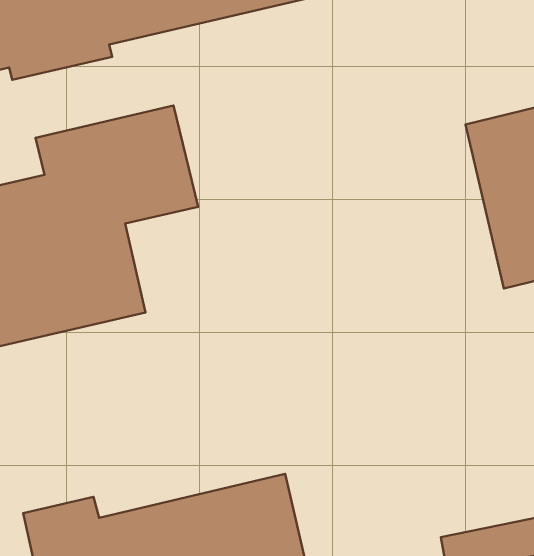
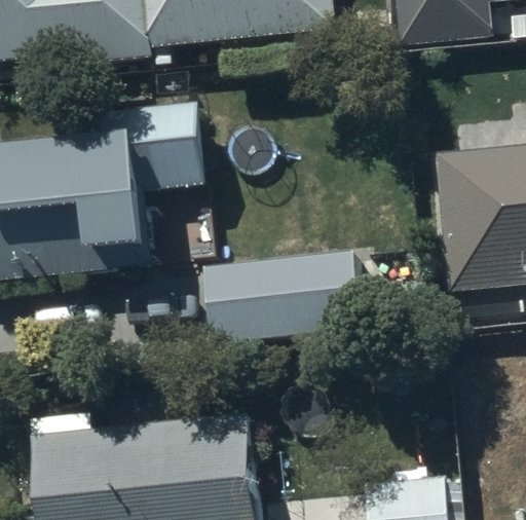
building: none -> [202,254,360,345]

